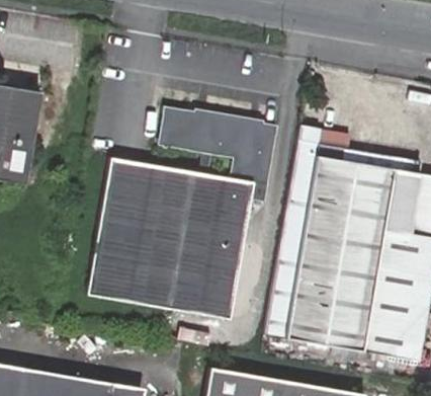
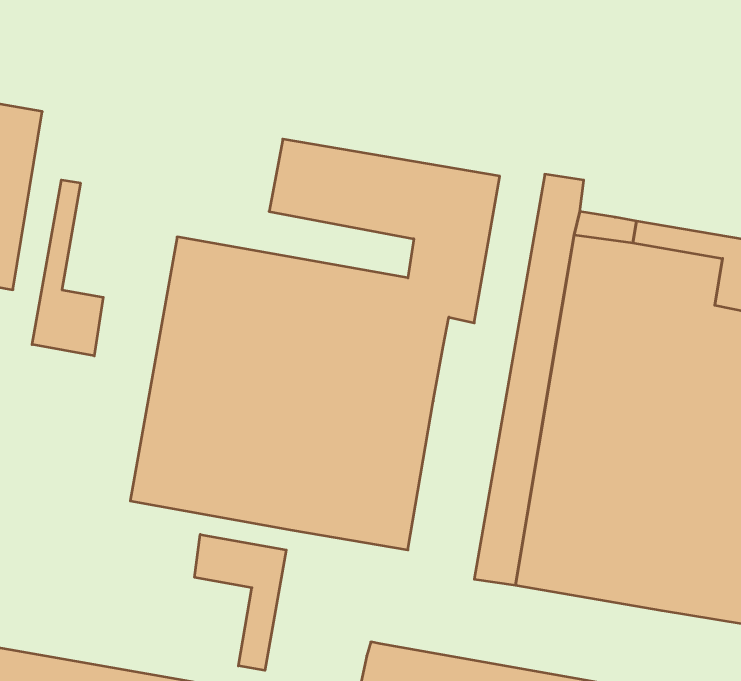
building: none -> [32,180,103,356]
building: none -> [195,534,286,670]

